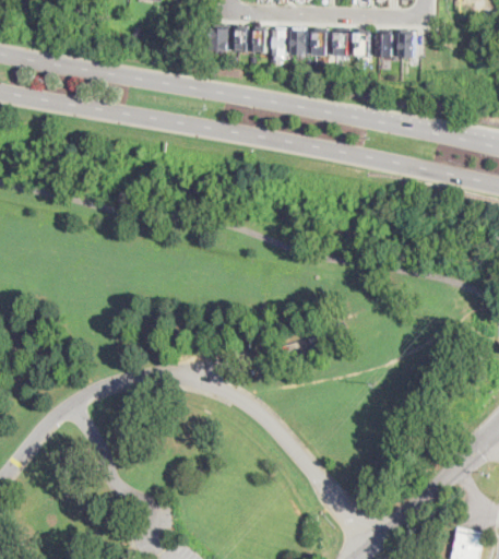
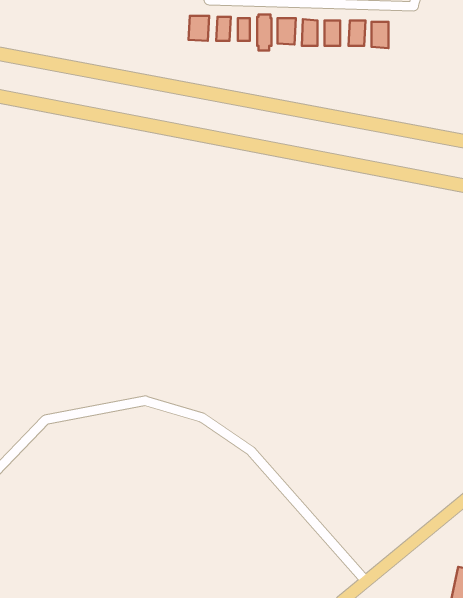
building: [397,31,414,58] -> none

